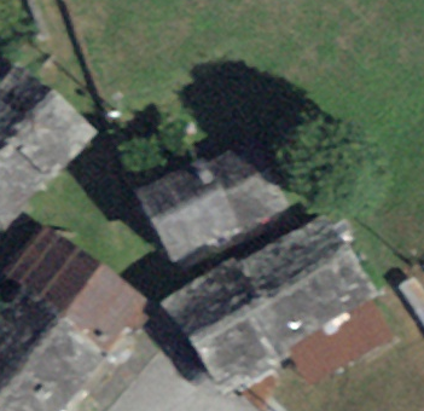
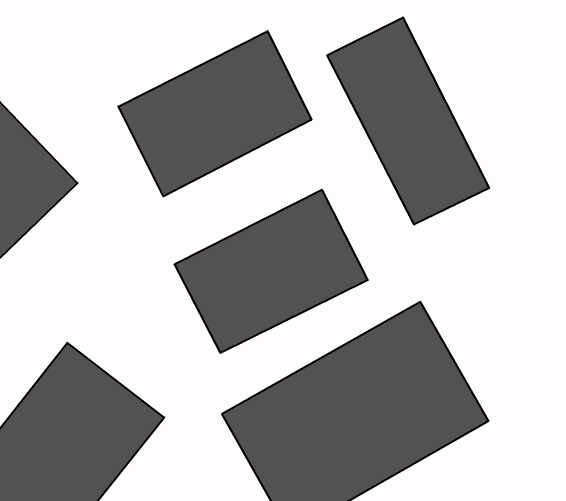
building: none -> [327,17,489,225]
building: none -> [118,31,311,196]

